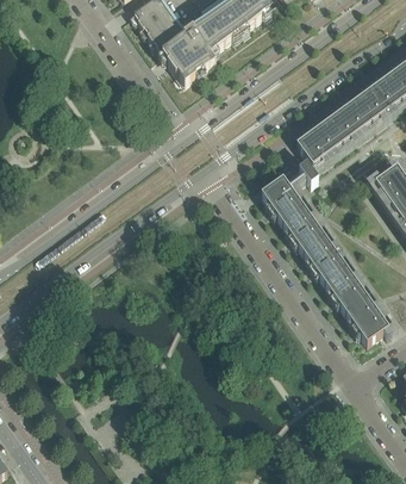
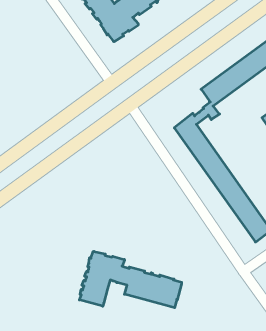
building: none -> [79,251,182,308]

